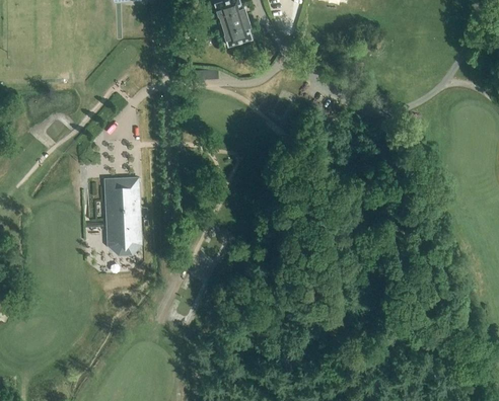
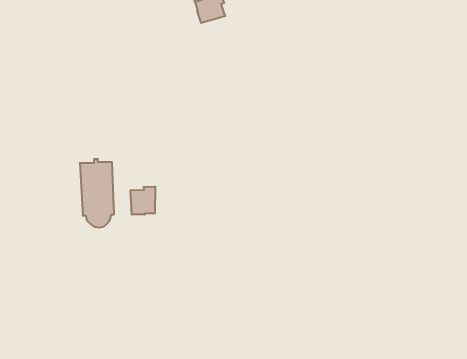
building: none -> [131,186,155,215]

